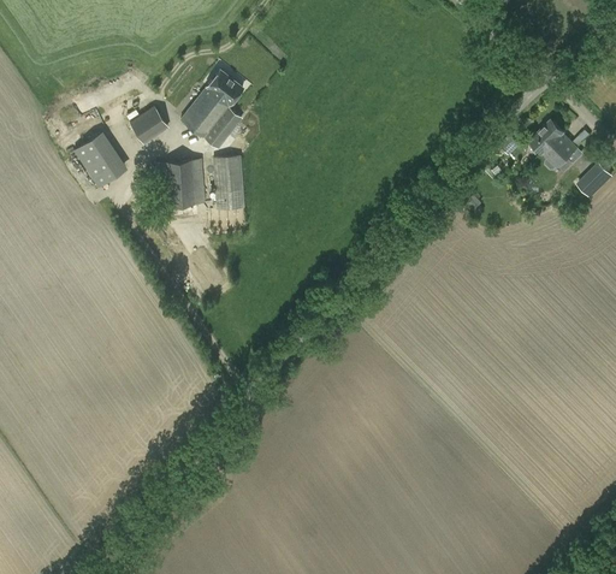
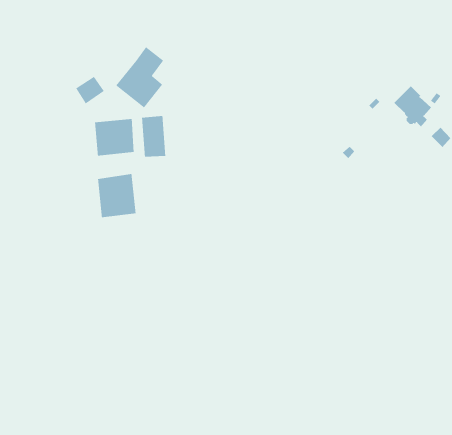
building: [73,131,128,187] -> none
building: none -> [97,173,136,218]

